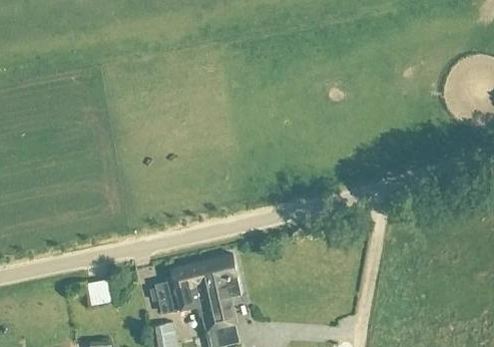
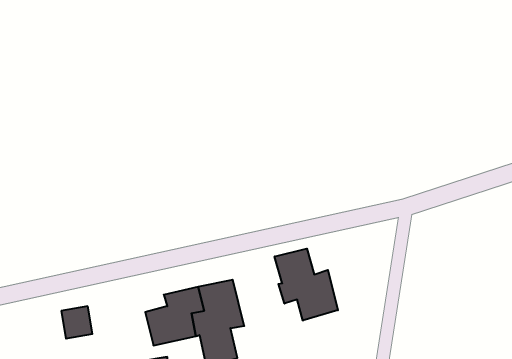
building: none -> [275,249,338,321]

